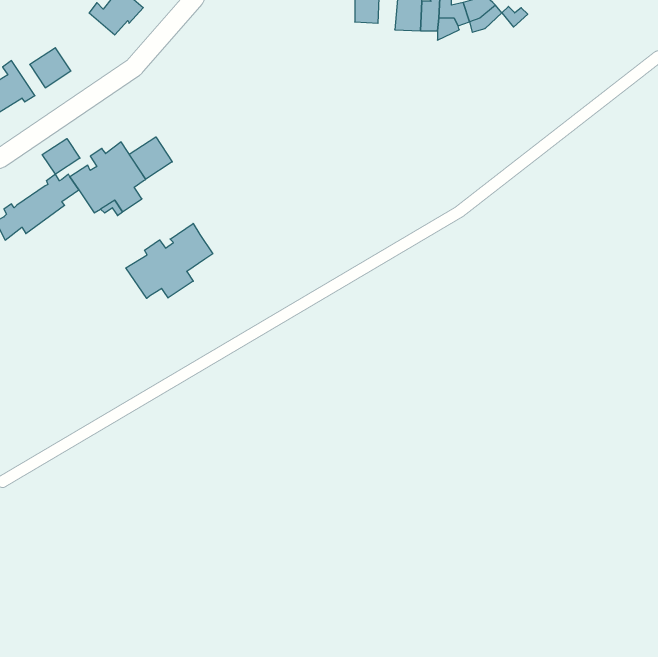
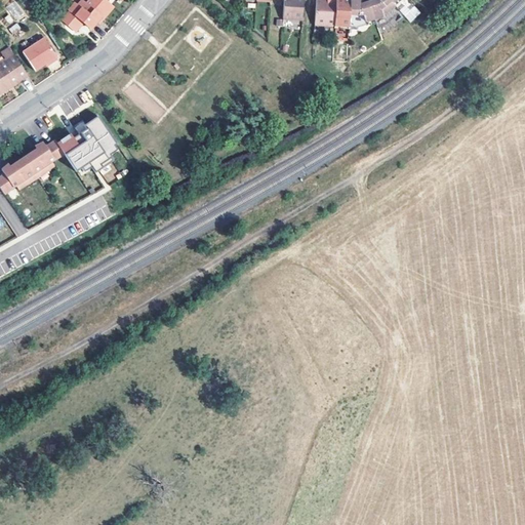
building: [129,137,172,179] -> none
building: [42,139,80,174] -> none
building: [126,223,213,298] -> none

